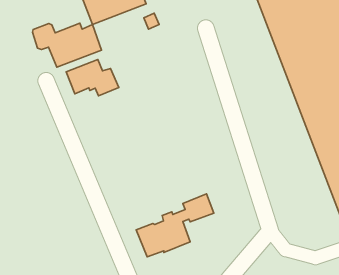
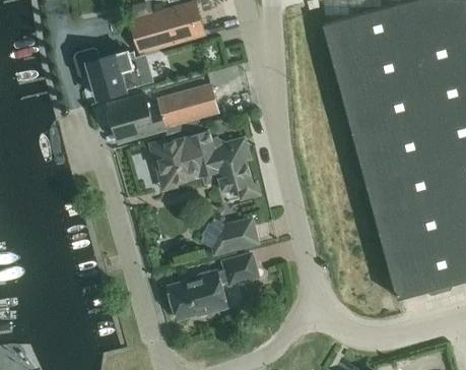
building: none -> [157,85,217,126]
building: none -> [147,131,262,200]
building: none -> [202,220,256,255]

